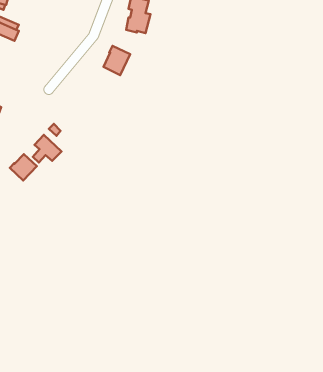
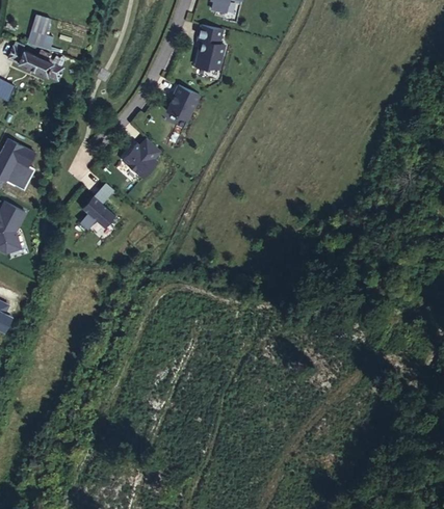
building: none -> [124,139,160,179]
building: [10,154,37,181] -> none

